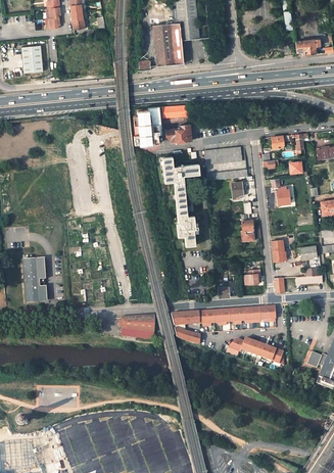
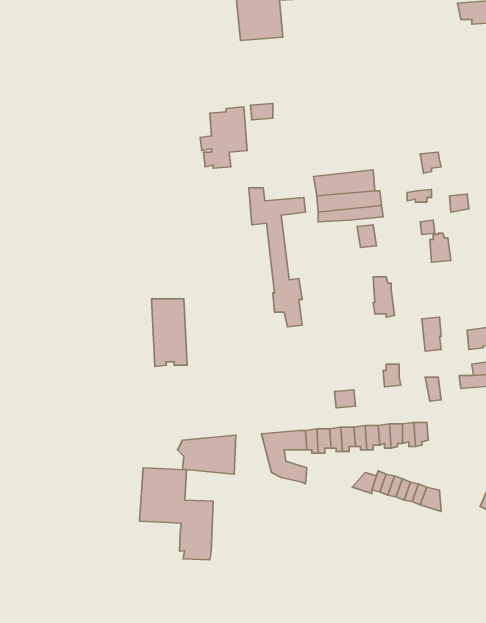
building: [20,46,42,75] -> none
building: [165,125,194,143] -> none
building: [25,258,47,301] -> [151,299,187,367]
building: none -> [139,468,213,560]

